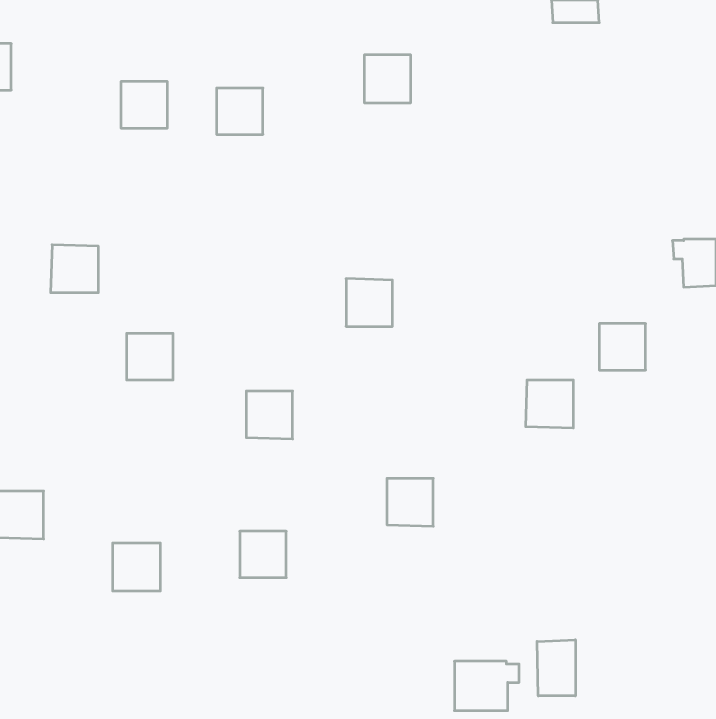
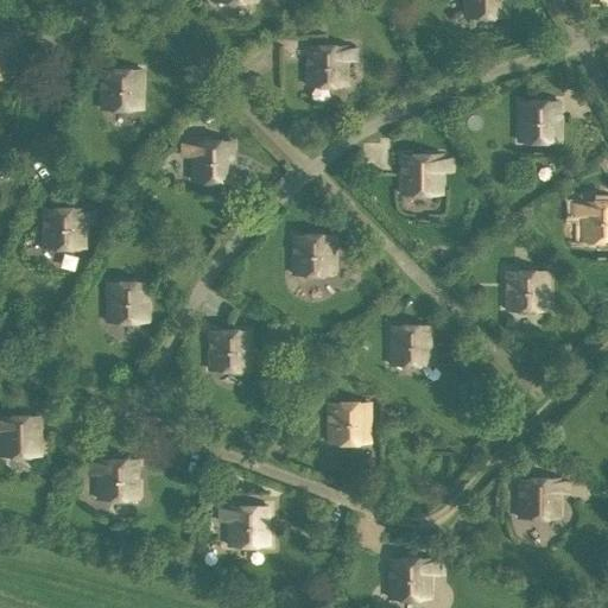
building: [217,88,263,134] -> [192,141,232,180]
building: none -> [517,101,557,141]
building: none -> [400,157,441,196]
building: [526,380,573,428] -> [388,327,429,367]
building: [240,531,286,578] -> [227,506,266,545]
building: none -> [517,479,556,519]
building: [537,640,575,696] -> none

